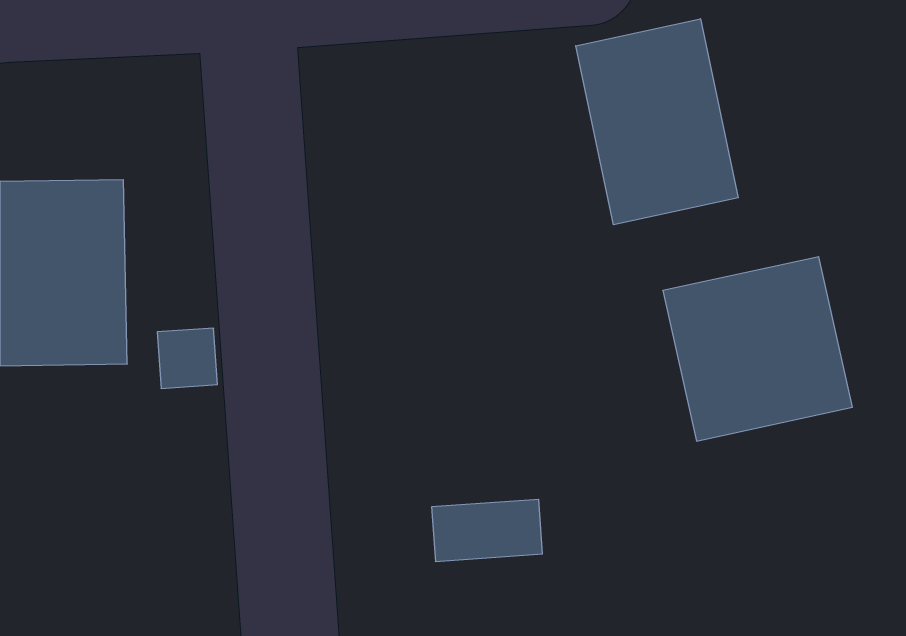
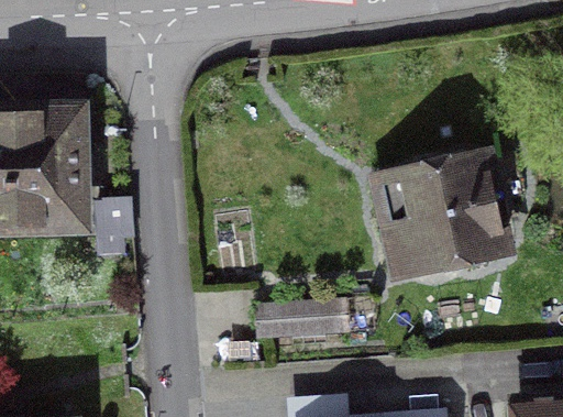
building: [576,19,738,225] -> none

